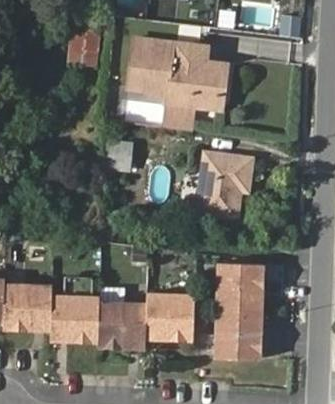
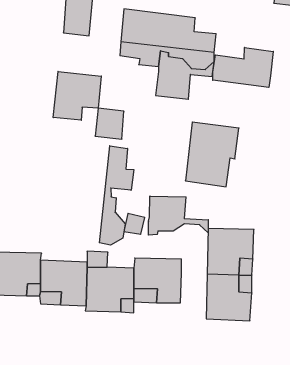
building: none -> [213,47,273,87]
building: none -> [53,71,101,120]
building: none -> [99,146,134,245]
building: none -> [148,196,208,235]

